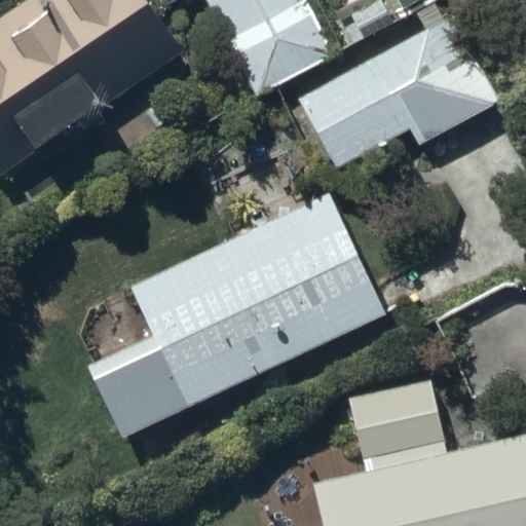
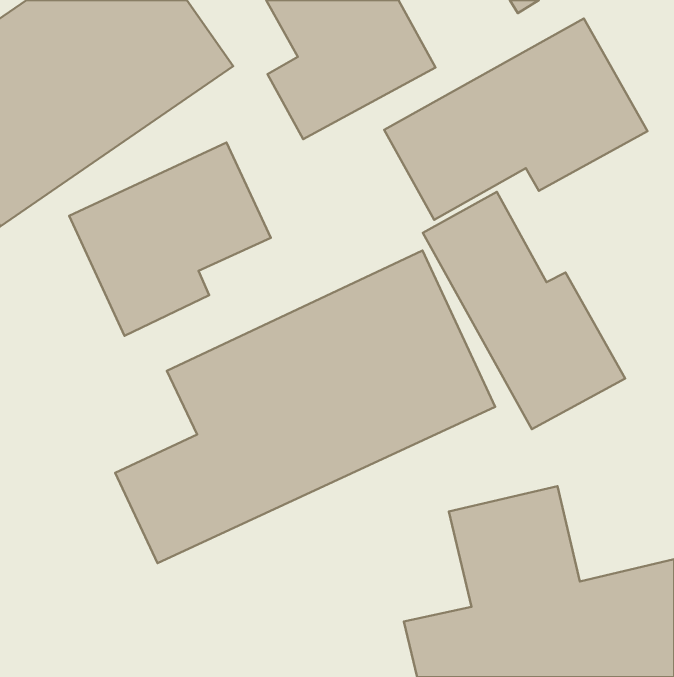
building: none -> [69,142,271,336]
building: none -> [423,192,625,429]

